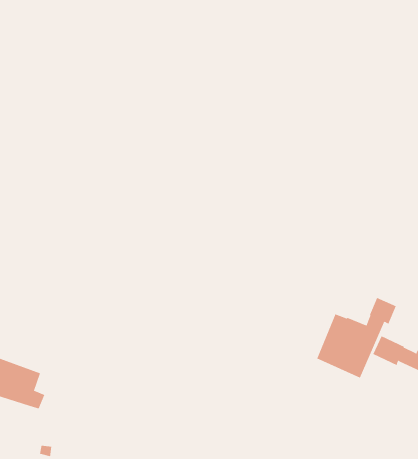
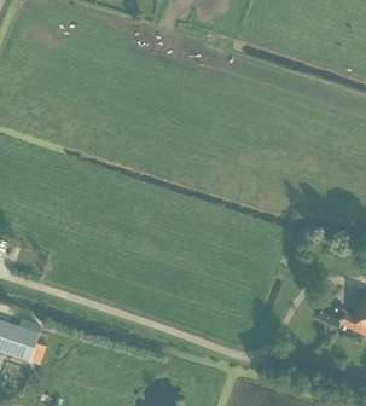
building: [316,297,397,378] -> none

